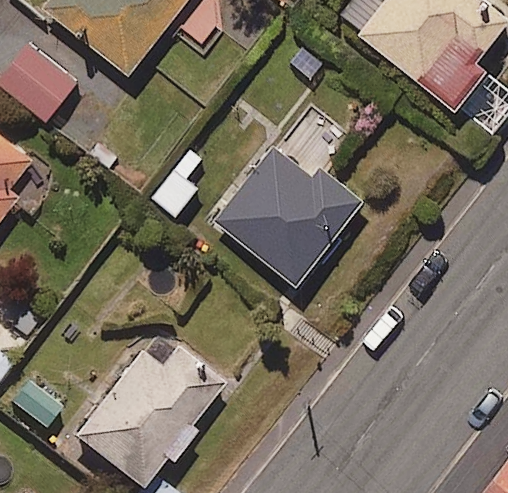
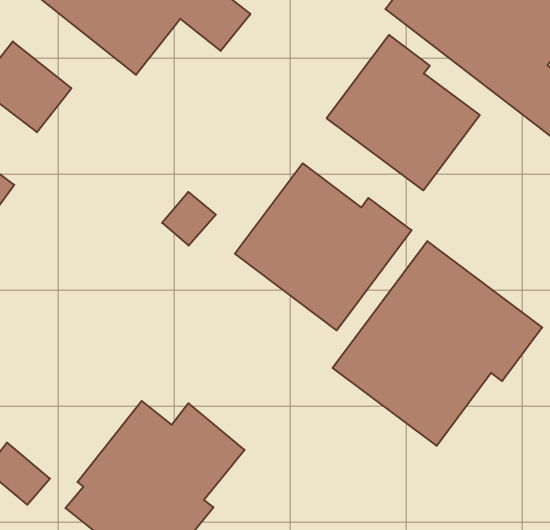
building: none -> [327,35,480,190]
building: none -> [333,241,542,446]

